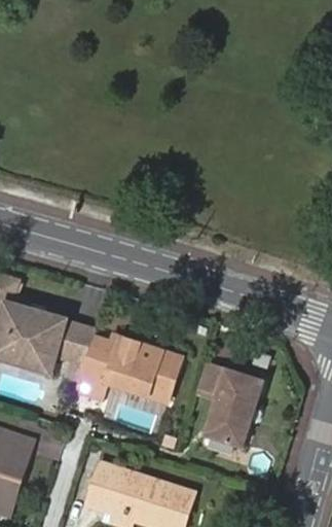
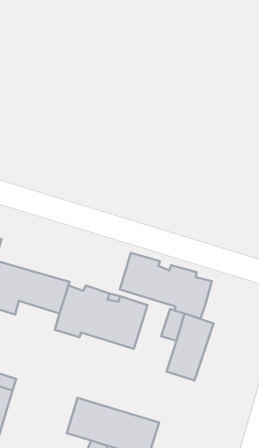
building: none -> [120,253,212,318]

